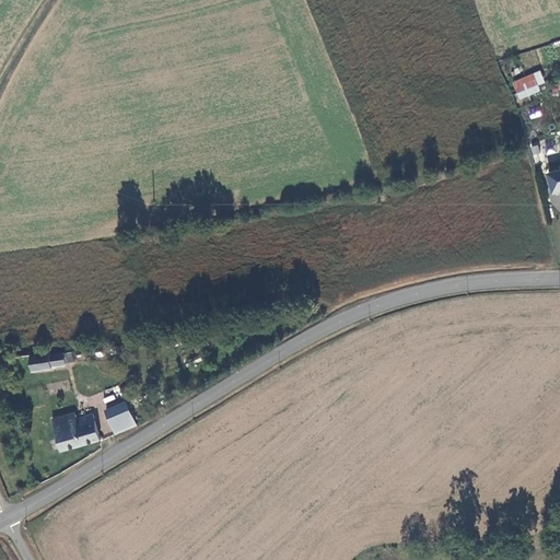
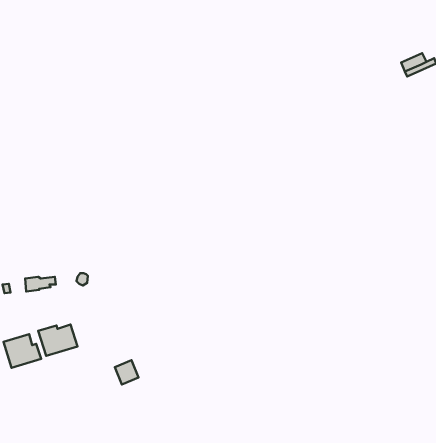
building: [105,402,135,433] -> [115,360,138,385]
building: none -> [3,334,41,368]

